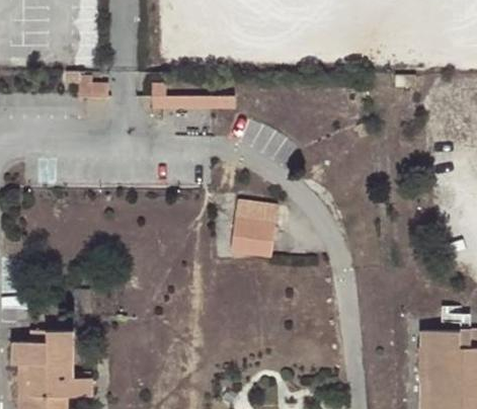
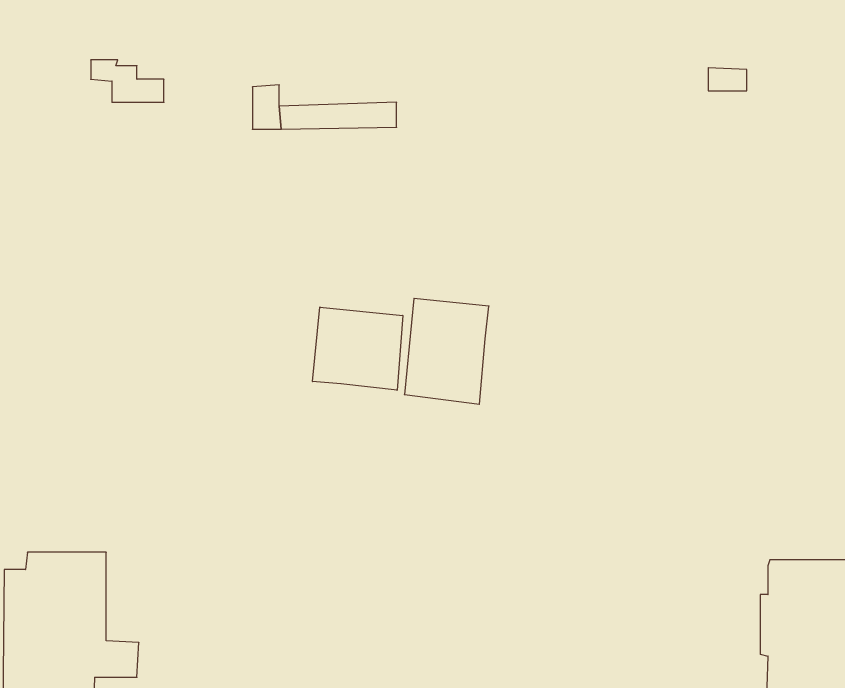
building: none -> [313,307,403,390]

